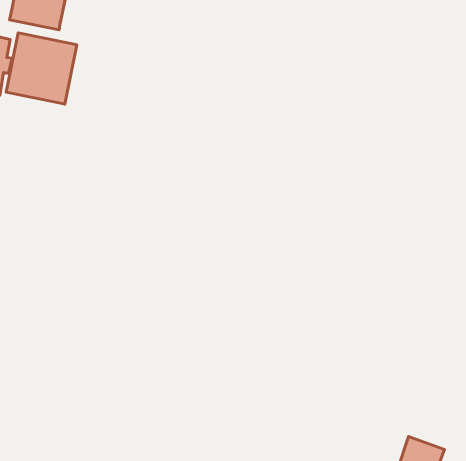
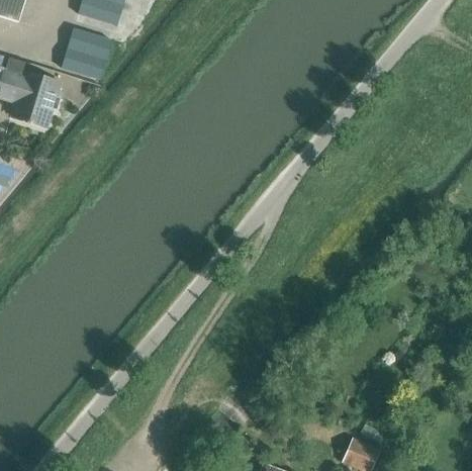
building: [6,33,77,104] -> none

